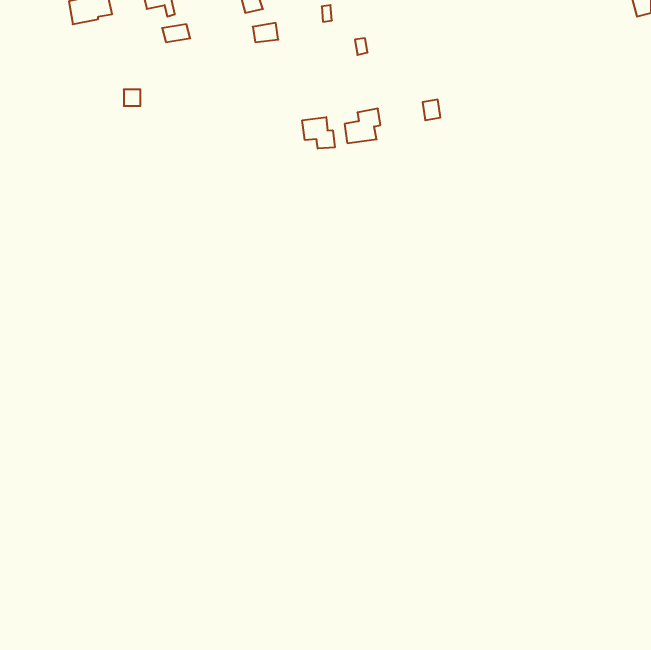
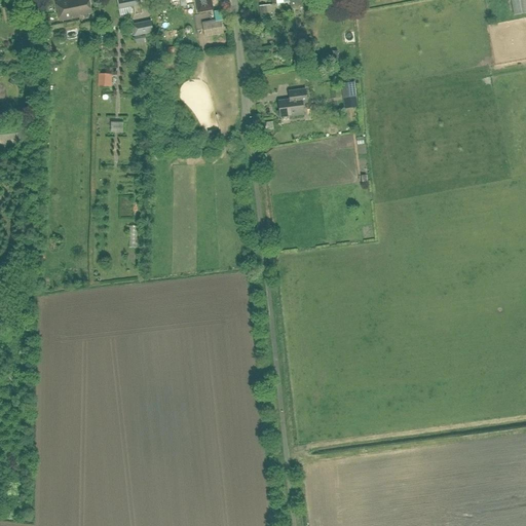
building: [302,117,335,149] -> none

